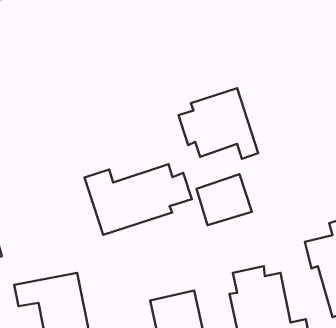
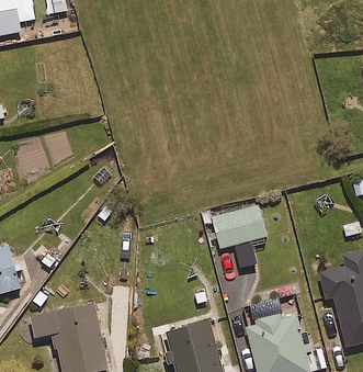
building: [179,88,258,159] -> none
building: [85,164,192,235] -> none

